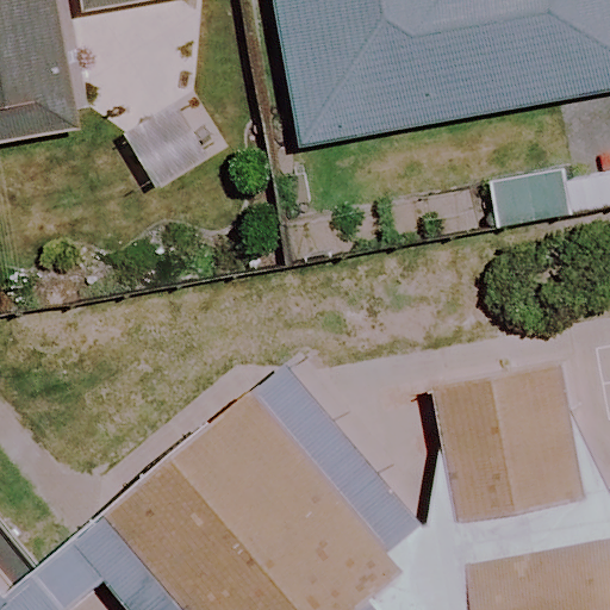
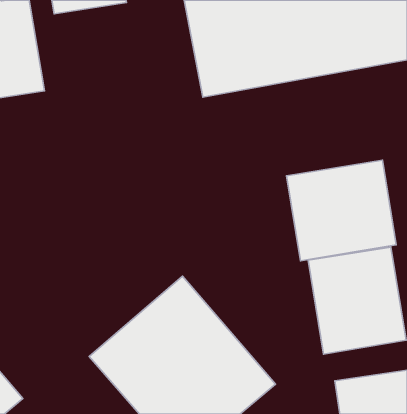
building: none -> [287,160,396,261]

